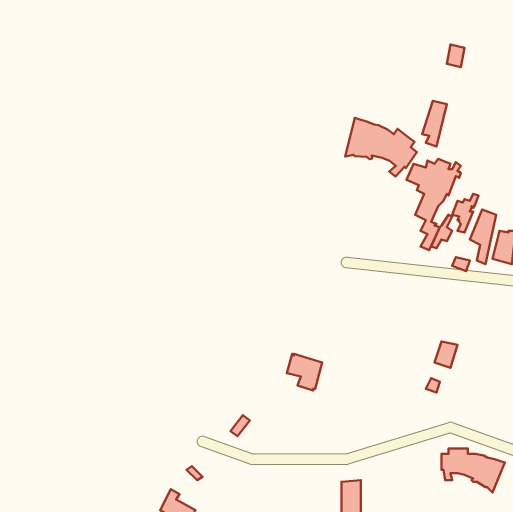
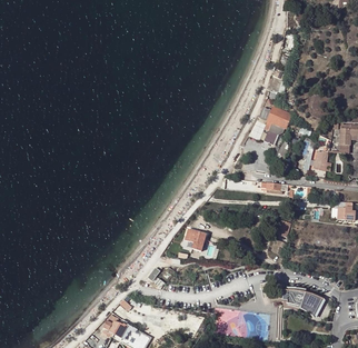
building: [345,118,417,176] -> none

